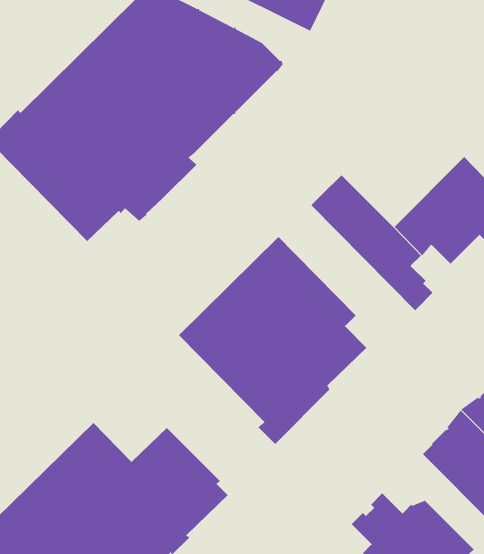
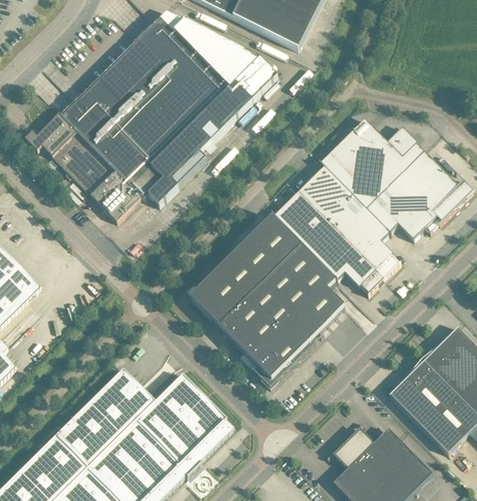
building: none -> [318,119,423,208]
building: none -> [270,191,383,294]

